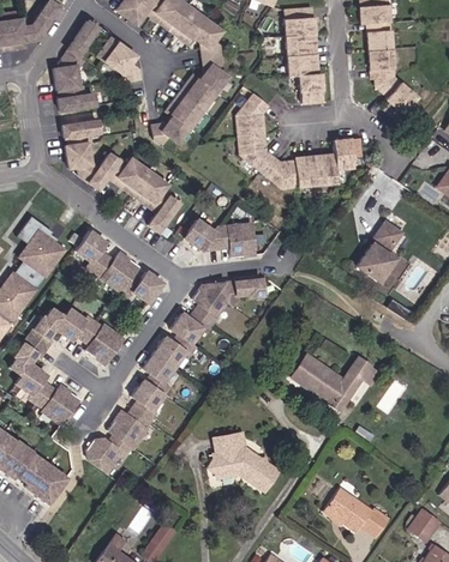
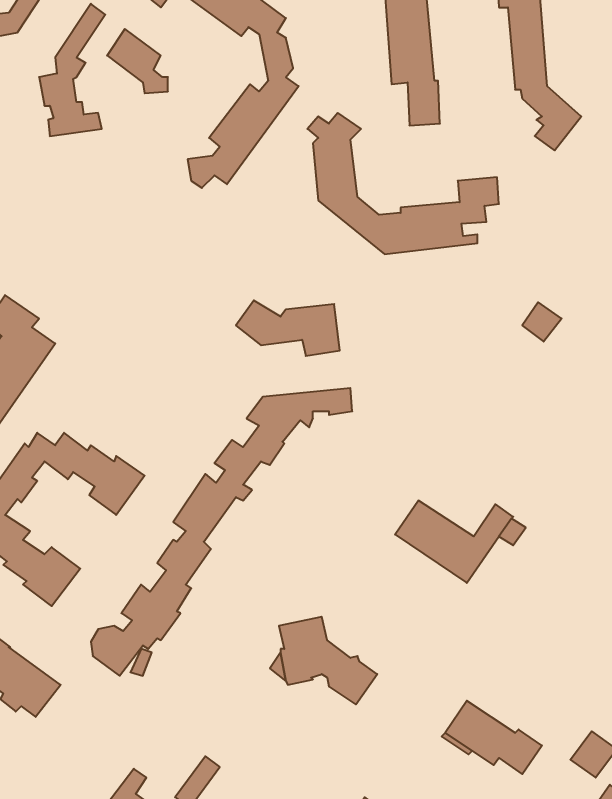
building: [62,120,178,231] -> none
building: [68,231,162,302] -> none
building: [359,242,396,279] -> none

